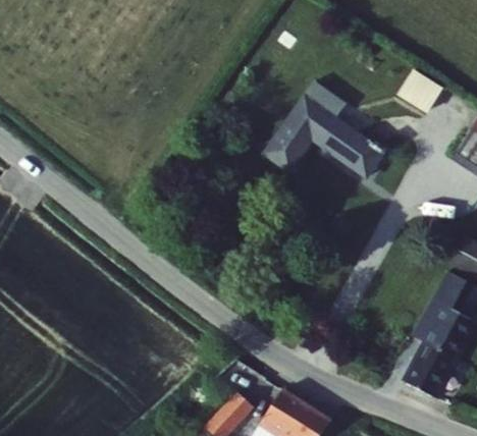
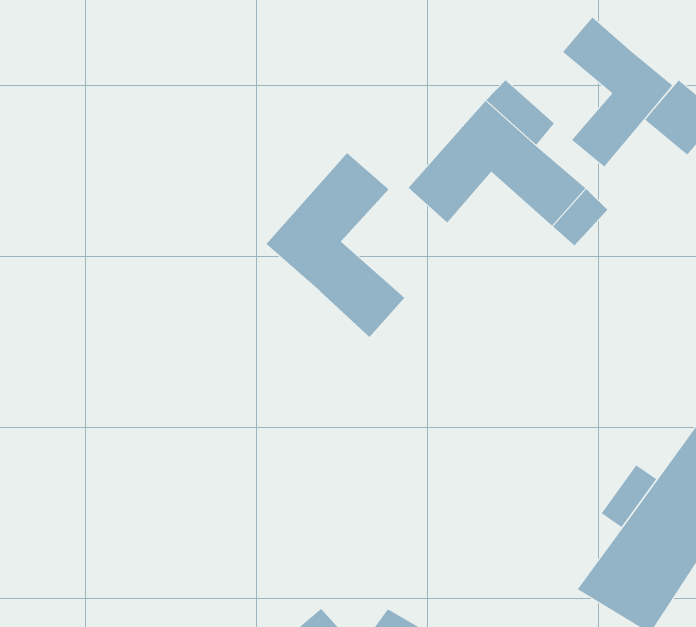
building: none -> [562,16,673,167]
building: none -> [266,152,405,338]

